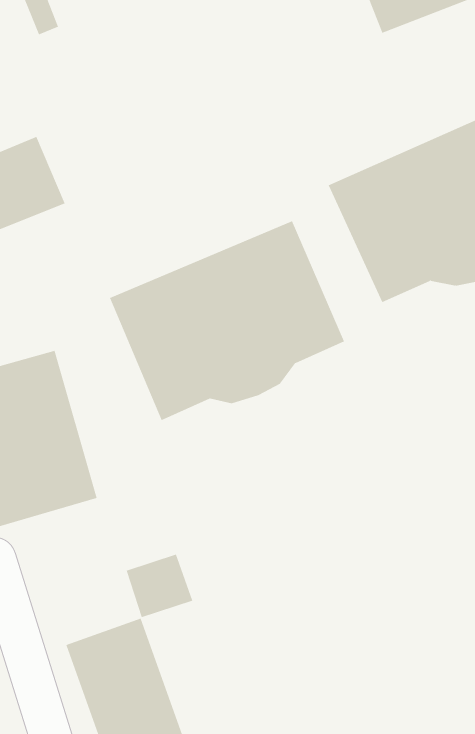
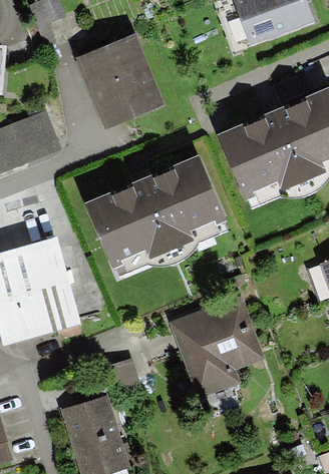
building: none -> [74,33,162,130]
building: none -> [170,296,264,393]

